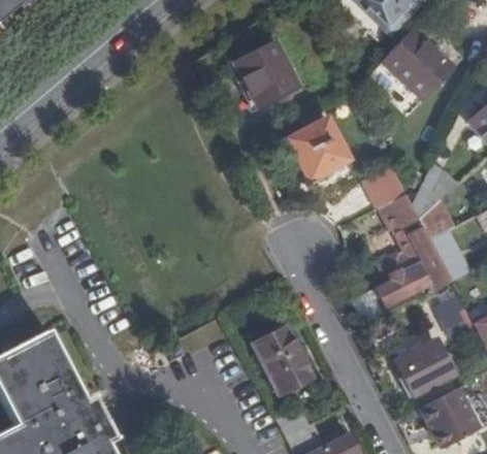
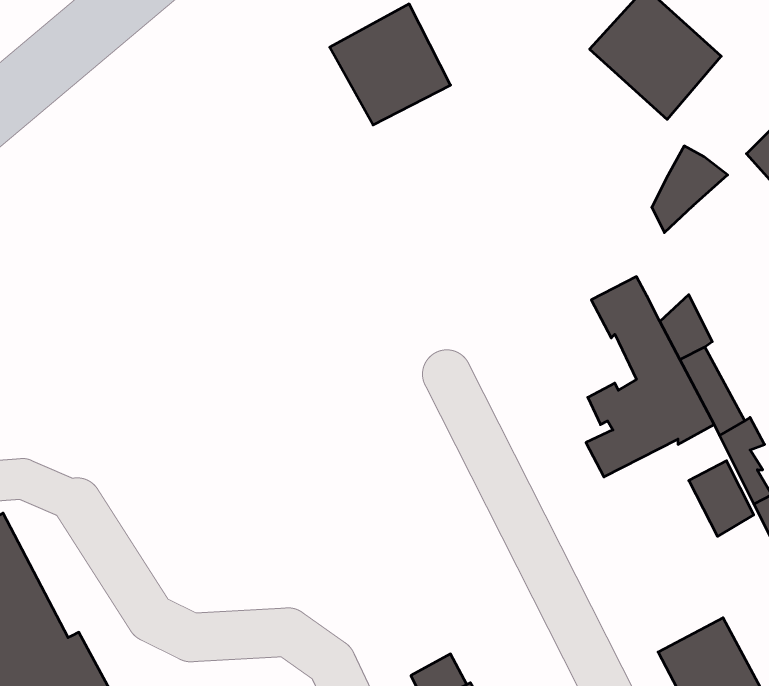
building: [285,112,349,179] -> none
building: [368,166,408,206] -> none
building: [414,169,457,219] -> [652,146,728,233]
building: [254,328,312,394] -> none
building: [391,335,457,397] -> none

